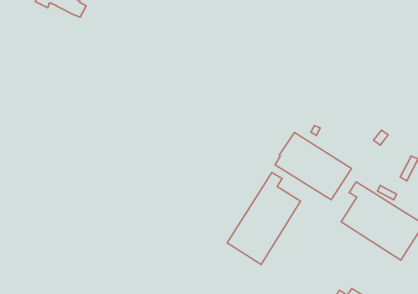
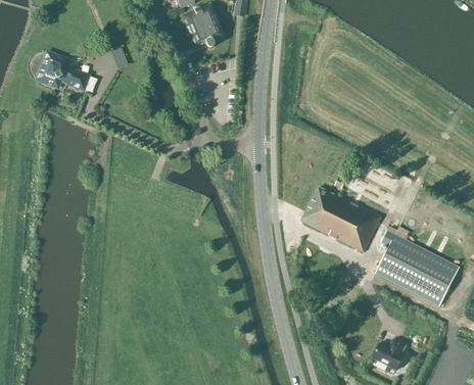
building: [227,172,301,264] -> none

